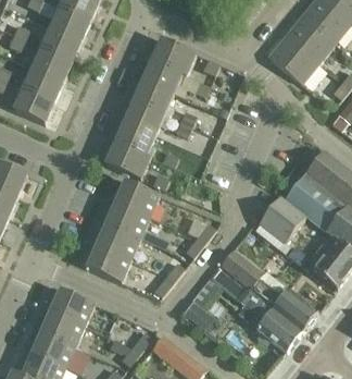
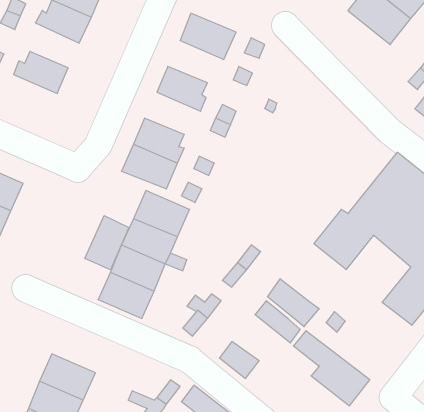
building: [268,36,318,84] -> none
building: [32,46,71,82] -> none
building: [141,60,186,94] -> none
building: [13,87,53,123] -> none
building: [123,101,167,135] -> none
building: none -> [85,216,129,270]
building: [251,284,317,331] -> none
building: [49,289,93,326] -> none

